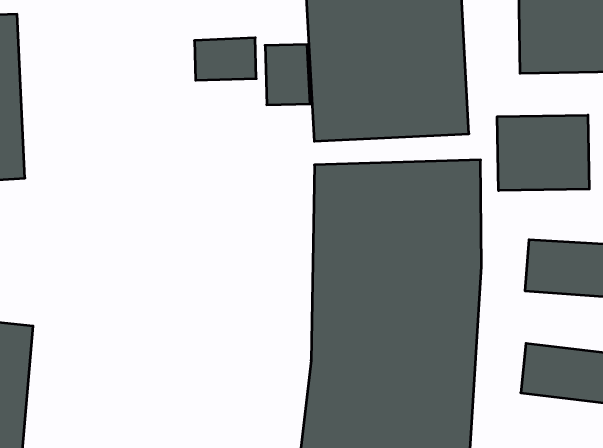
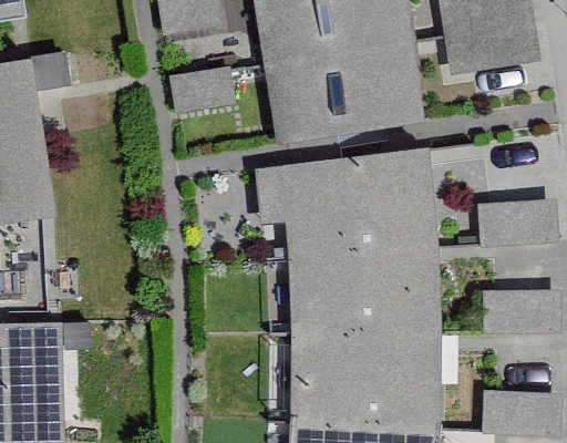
building: [497,115,589,191] -> none

